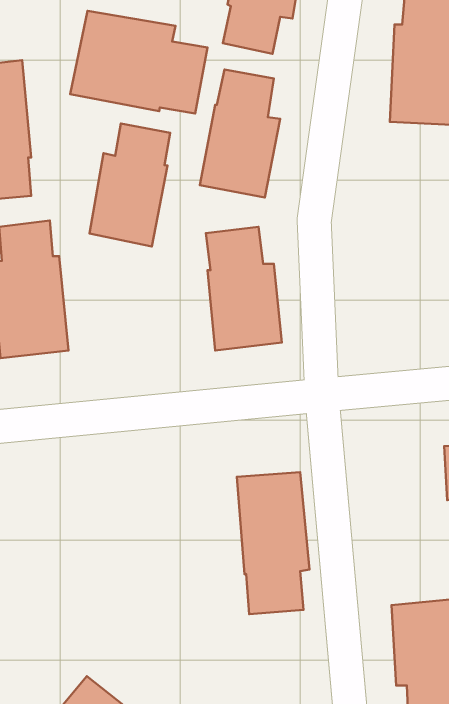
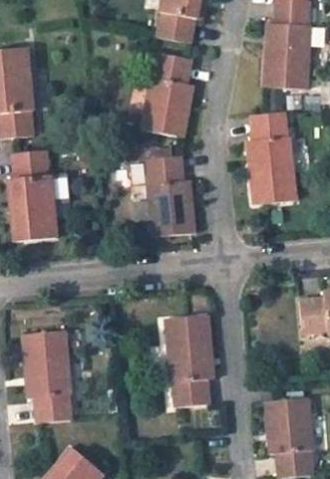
building: [70,11,208,113] -> none
building: [89,124,170,247] -> none
building: none -> [246,112,294,205]
building: none -> [24,330,70,423]

